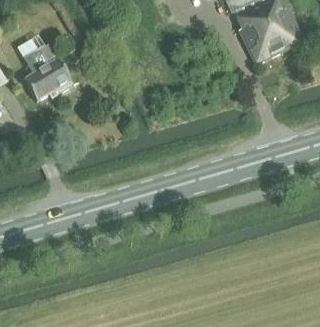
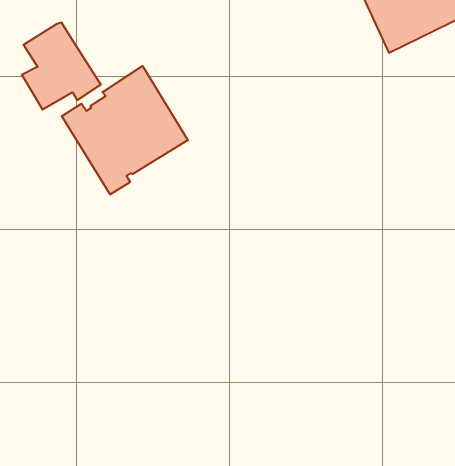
building: none -> [62,66,188,195]

